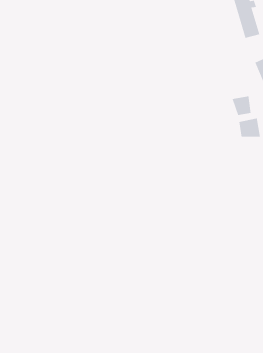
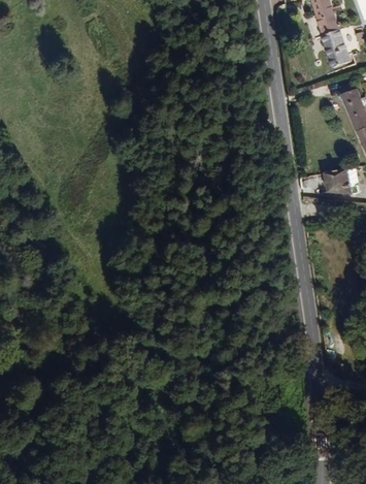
building: [232,96,251,116] -> none

